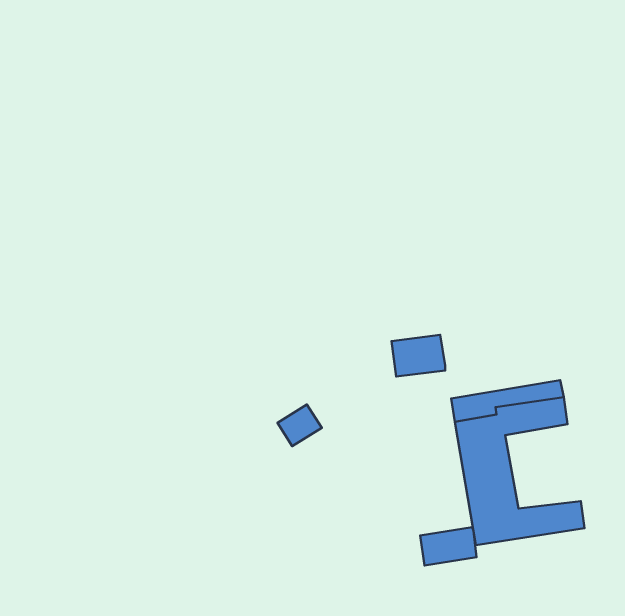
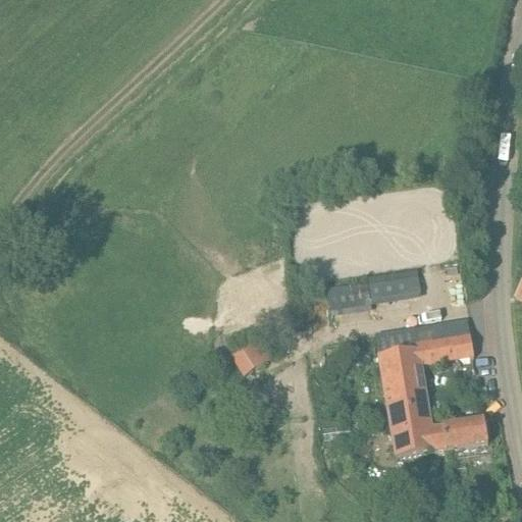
building: none -> [367,270,420,305]
building: [420,527,477,566] -> none

